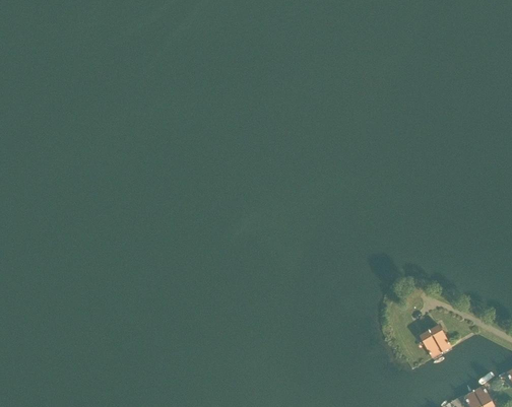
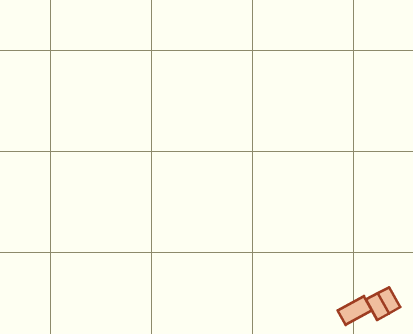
building: none -> [338,296,372,325]

